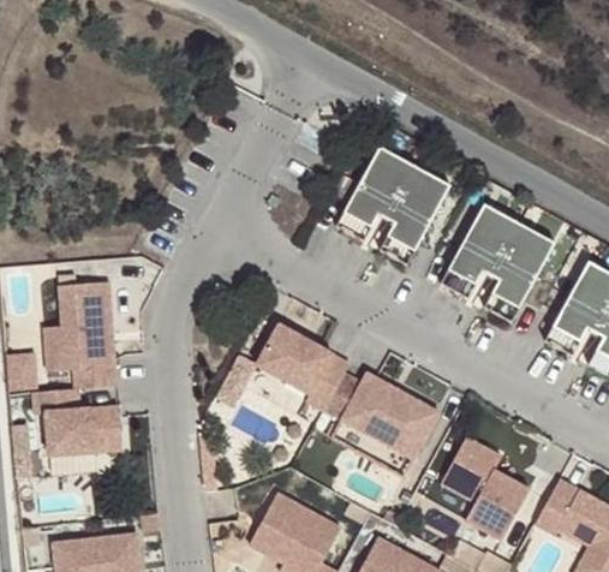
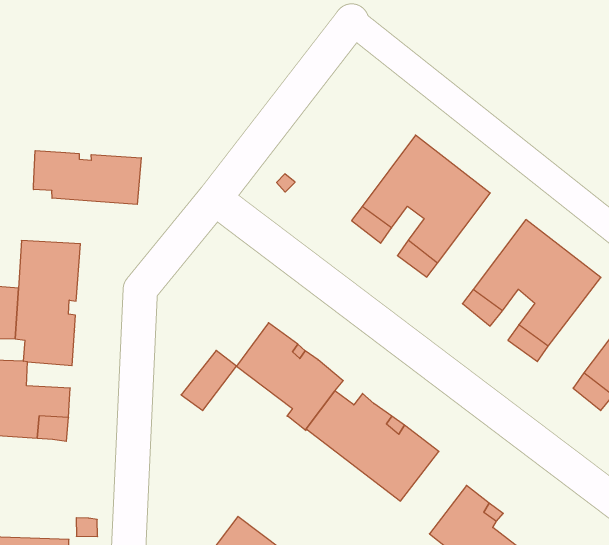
building: none -> [34,151,141,204]

